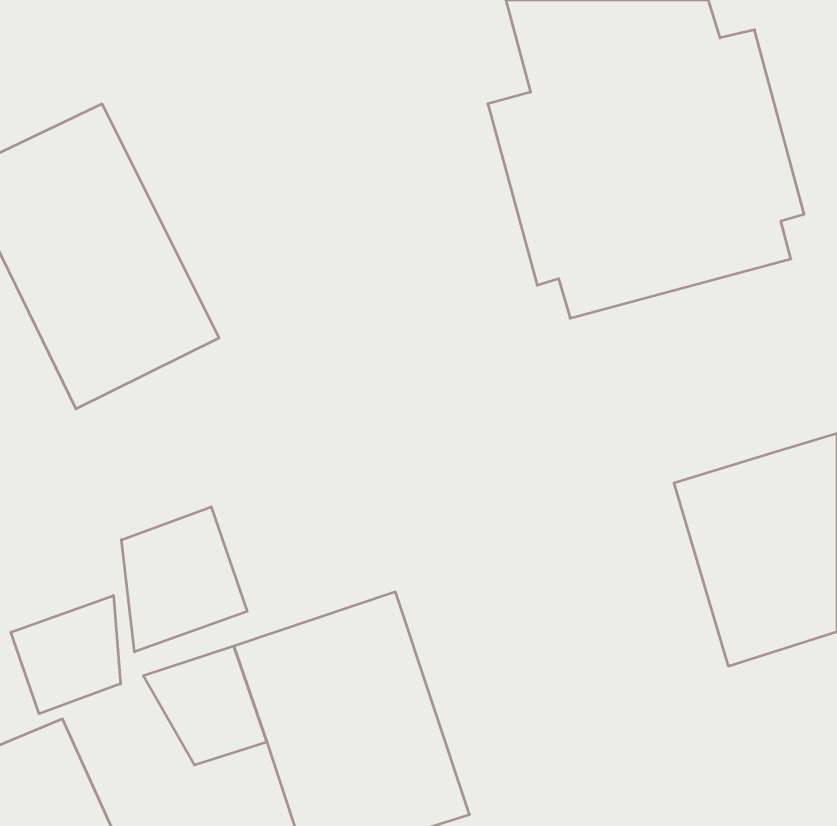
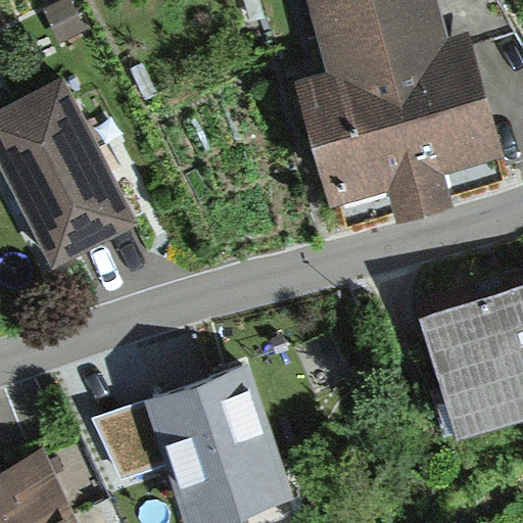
building: [121,507,247,652] -> none
building: [11,595,121,714] -> none

